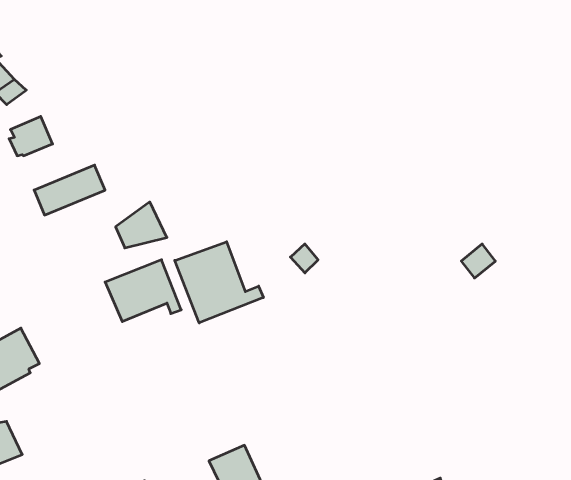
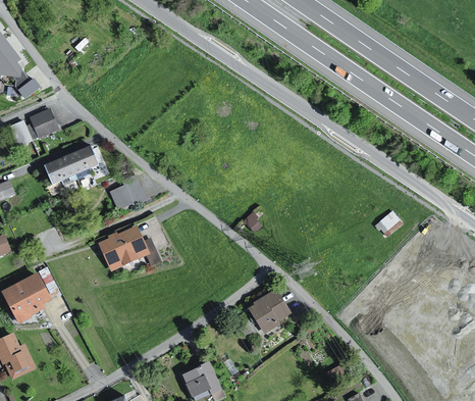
building: [175,242,263,323] -> none
building: none -> [247,291,289,335]

